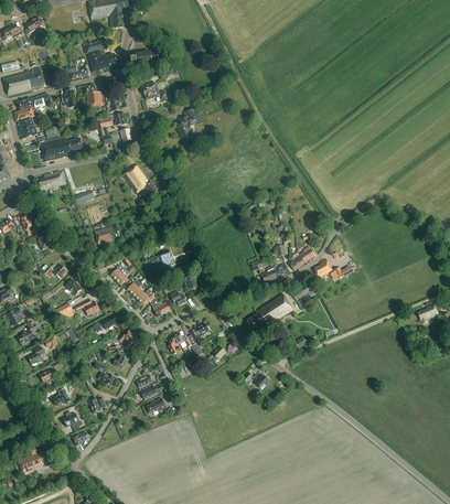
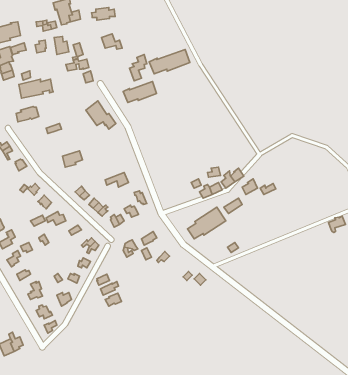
building: none -> [149,49,190,74]
building: none -> [123,82,157,102]

